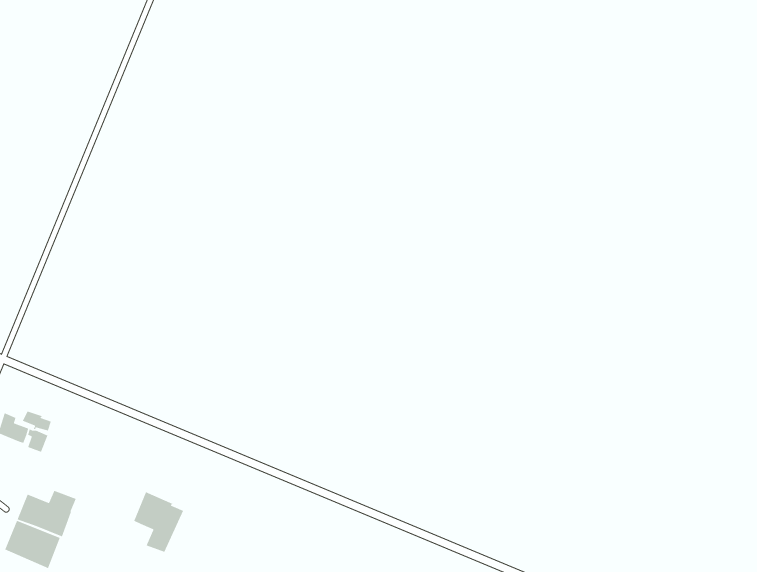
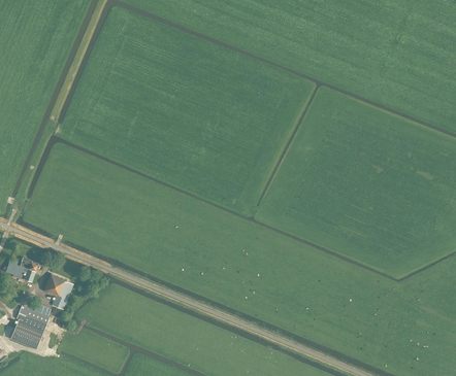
building: [133,491,184,553] -> [43,272,73,308]

